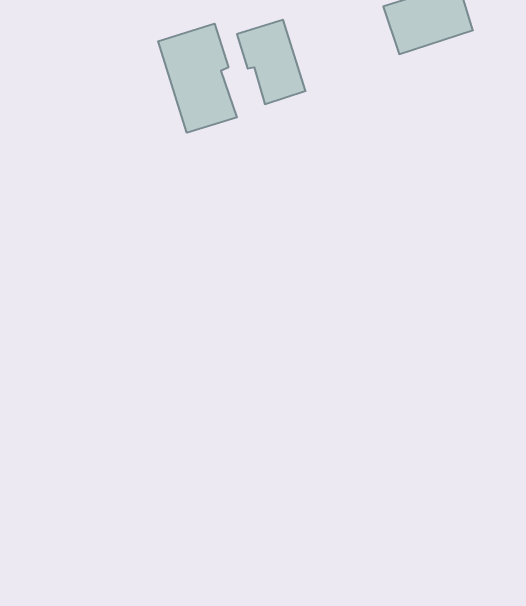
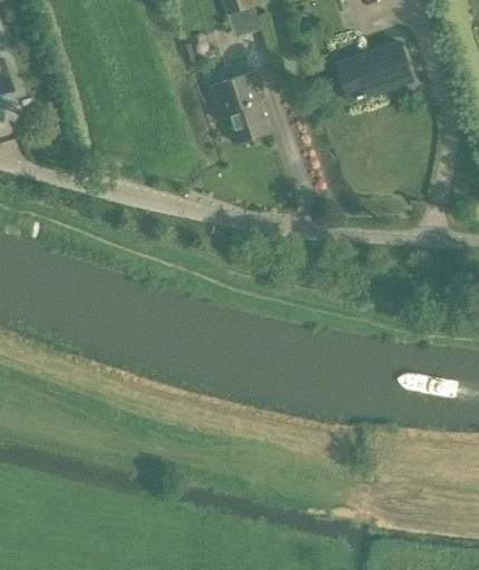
building: [158,24,237,133] -> none

